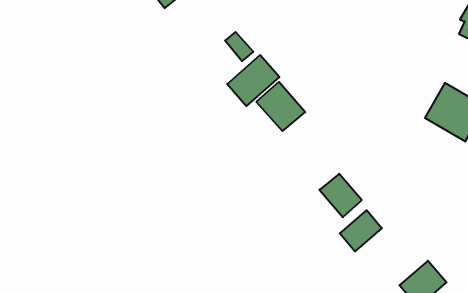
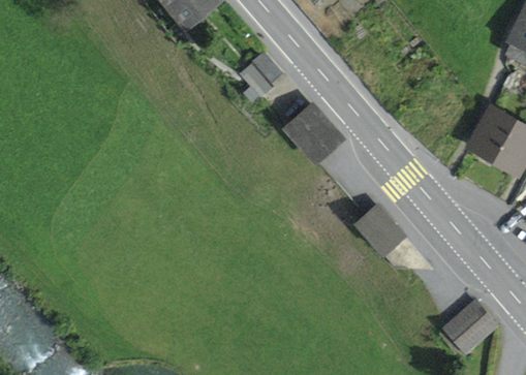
building: [227,55,279,106] -> none
building: [340,210,382,251] -> none

